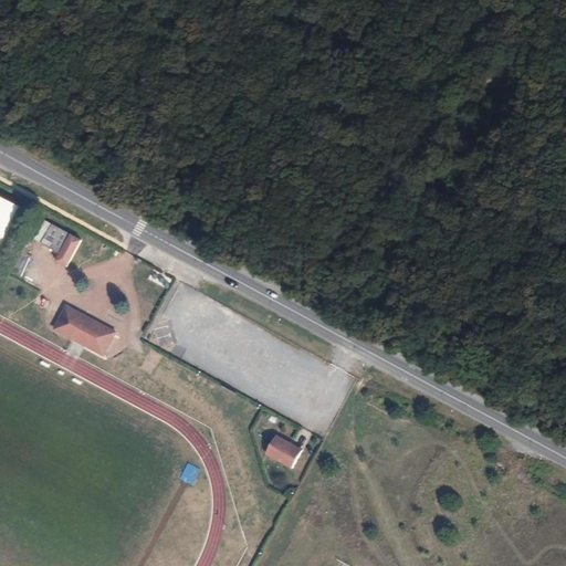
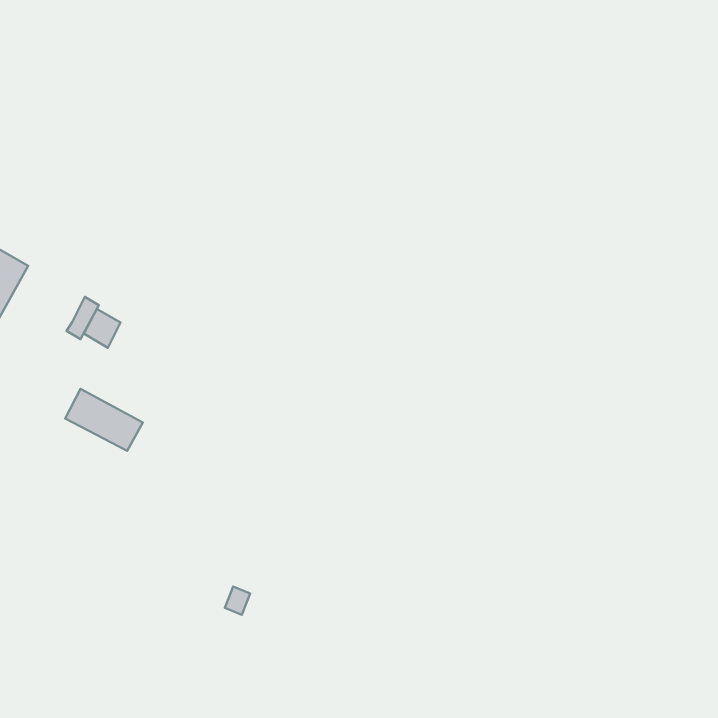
building: [38,222,66,252] -> [84,310,121,348]
building: [262,433,298,467] -> none

